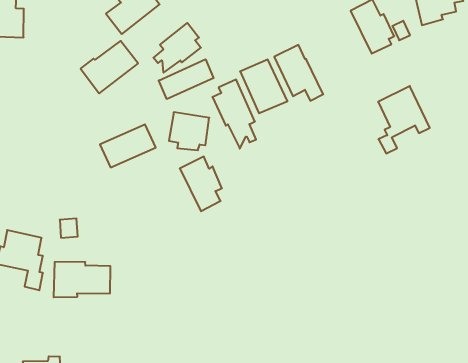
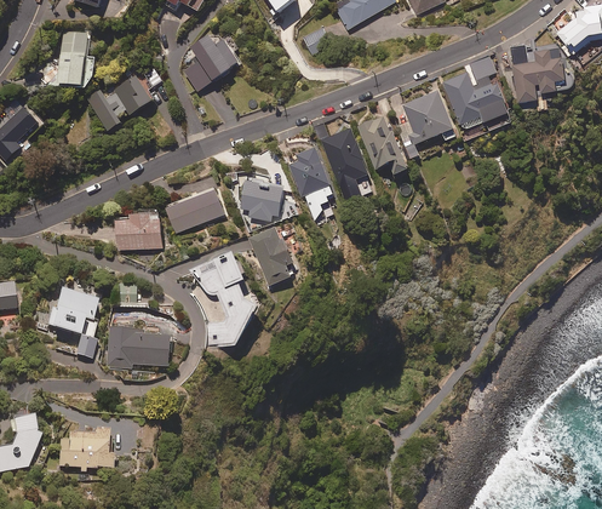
building: [153,23,201,73] -> none
building: [81,41,138,93] -> [90,74,151,128]
building: [159,59,214,99] -> none
building: [378,86,430,153] -> [401,88,457,159]
building: none -> [116,211,161,248]
building: none -> [197,253,258,344]

